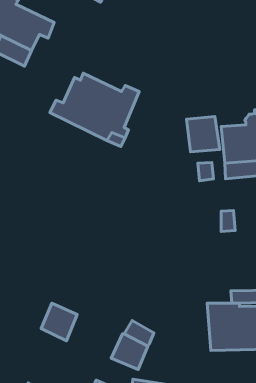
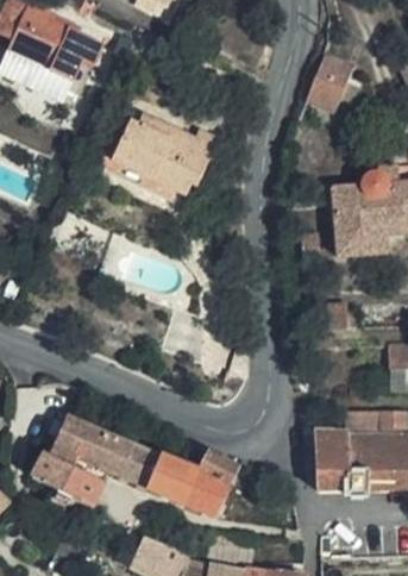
building: none -> [300,50,351,109]
building: [186,116,220,152] -> none
building: none -> [54,411,99,461]
building: none -> [119,442,195,501]
building: none -> [33,452,105,511]

